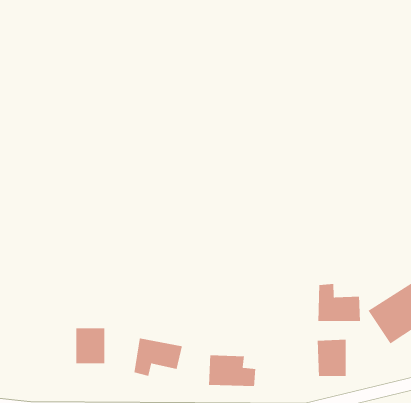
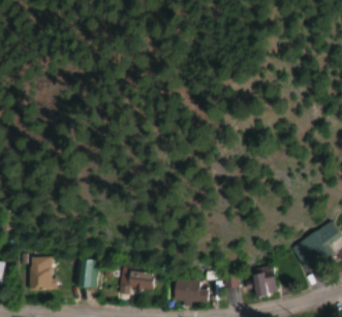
building: [317,283,361,322] -> none
building: none -> [30,256,57,290]

